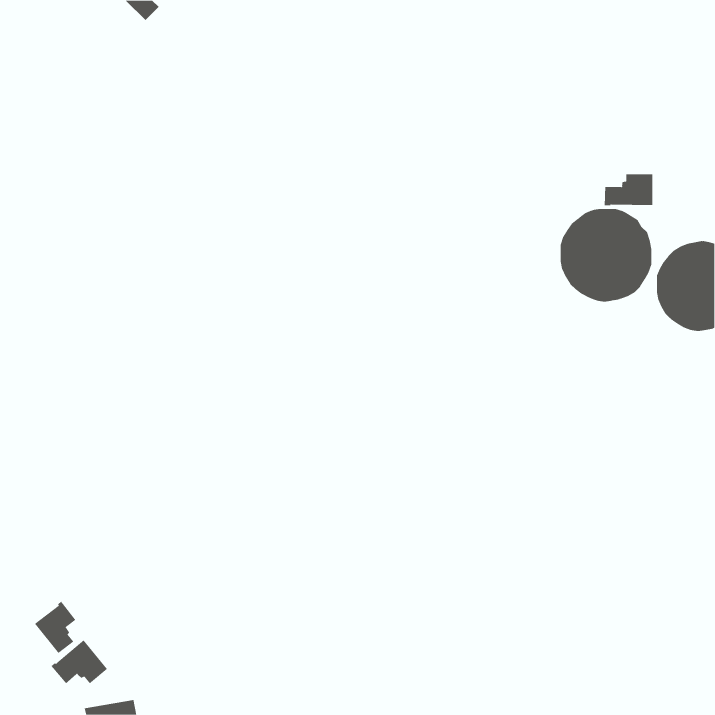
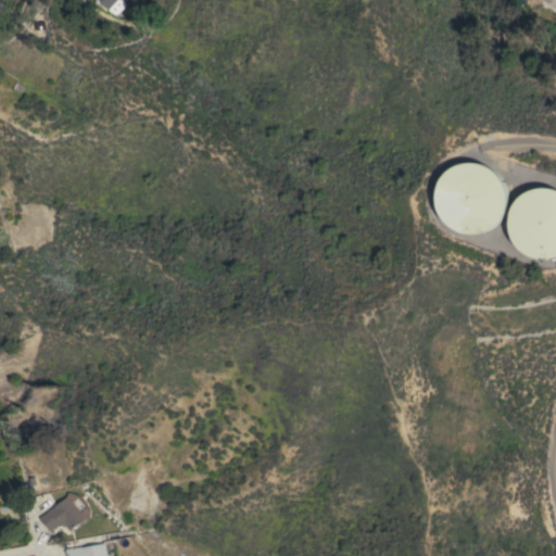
building: [604,173,653,206] -> none
building: [34,601,76,654] -> none

